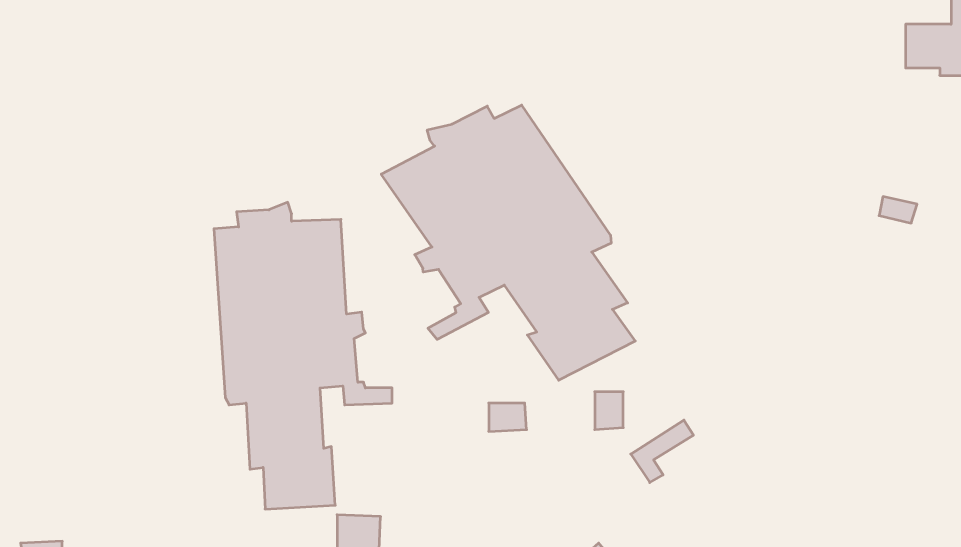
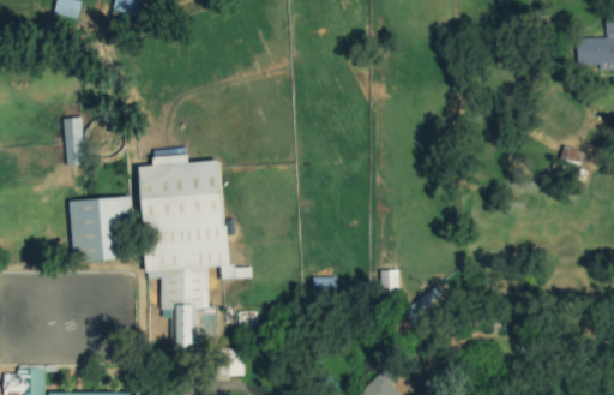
building: [381,105,635,380] -> none
building: none -> [64,118,84,166]
building: none -> [70,197,133,262]

